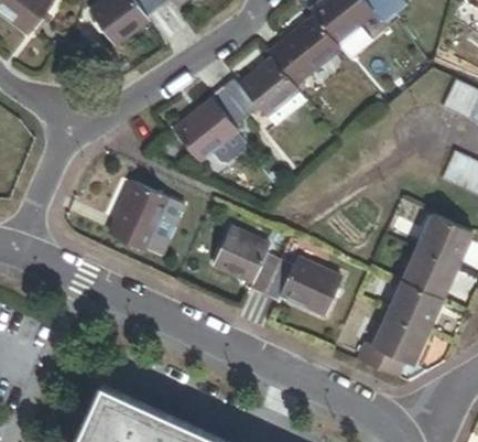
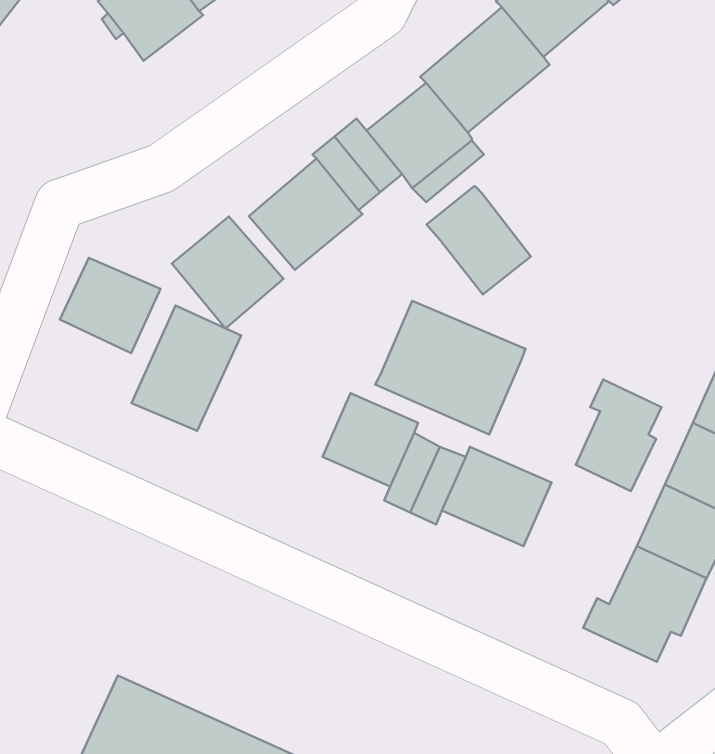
building: none -> [426,186,531,295]
building: none -> [172,217,284,328]
building: none -> [60,258,160,353]
building: none -> [375,301,525,435]
building: none -> [576,380,661,491]

